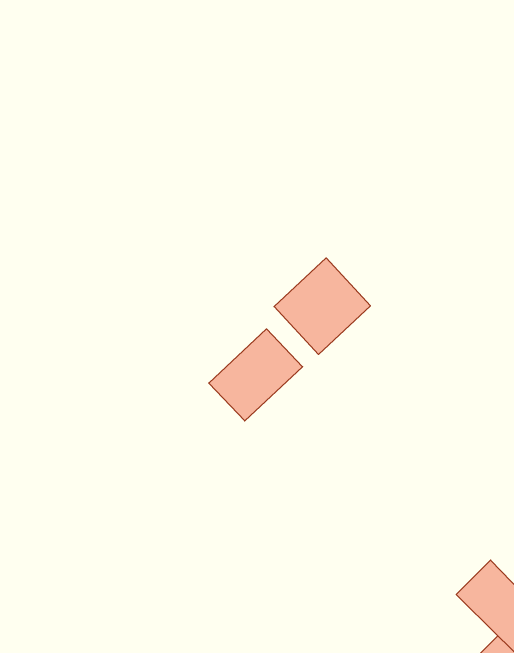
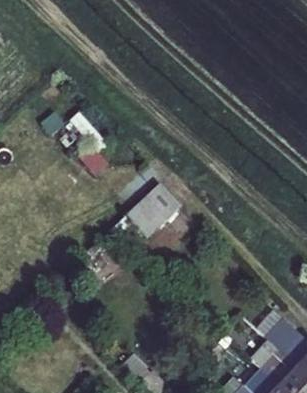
building: [274,258,370,354] -> none

